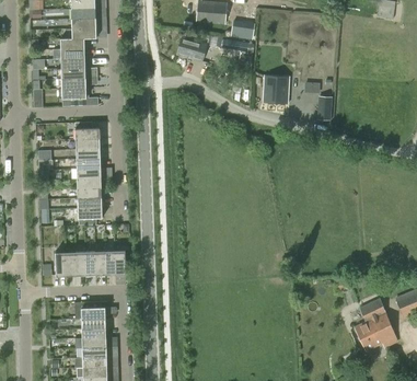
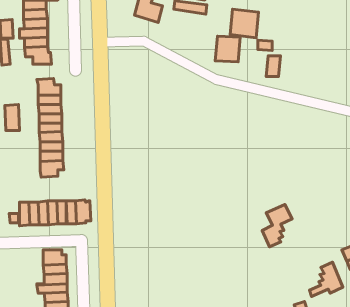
building: none -> [230,9,258,38]
building: [354,299,385,344] -> [262,204,292,247]

